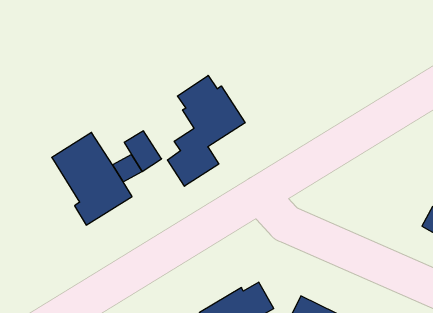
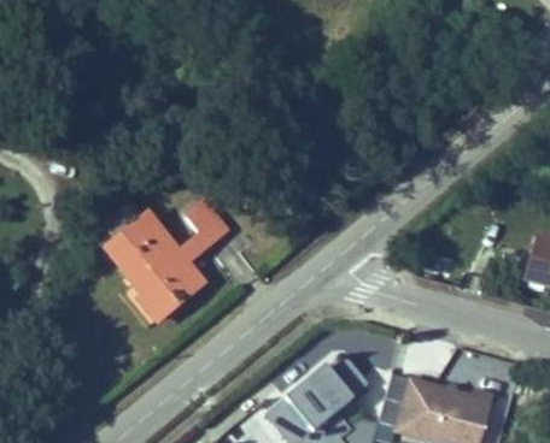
building: [167,75,245,186] -> none

